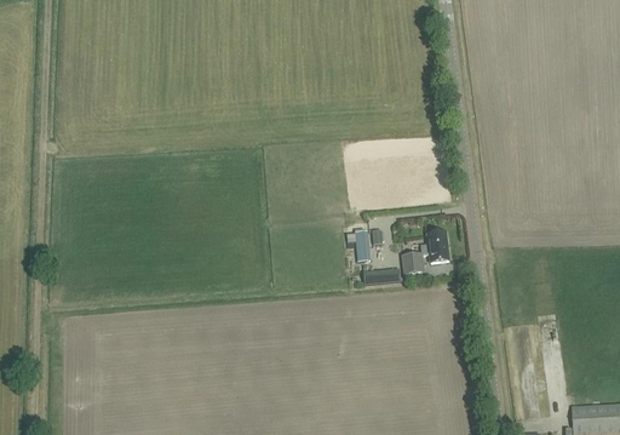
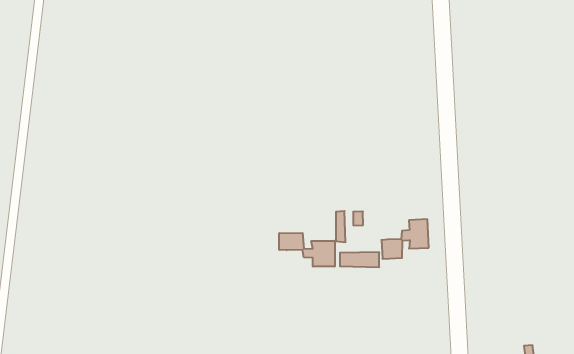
building: none -> [279,233,335,267]

